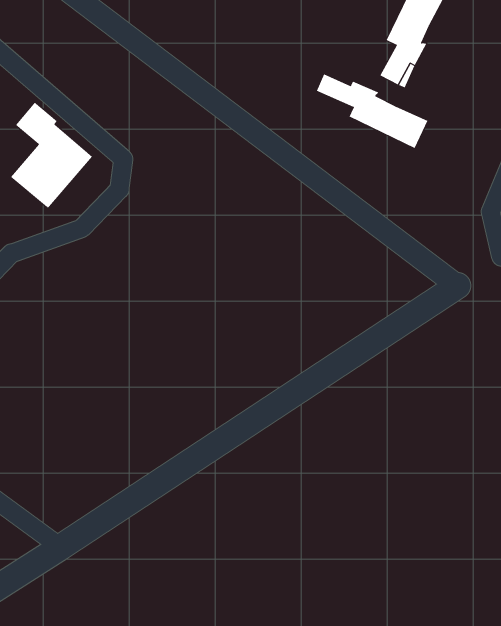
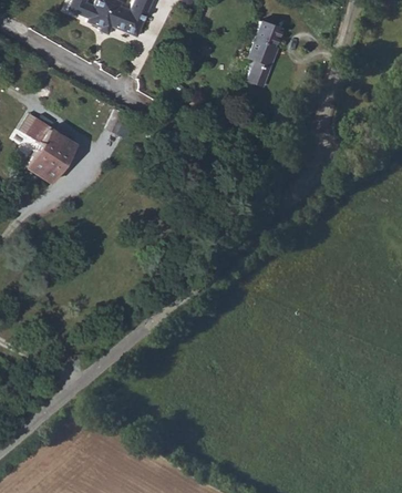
building: [316,74,428,149] -> none

